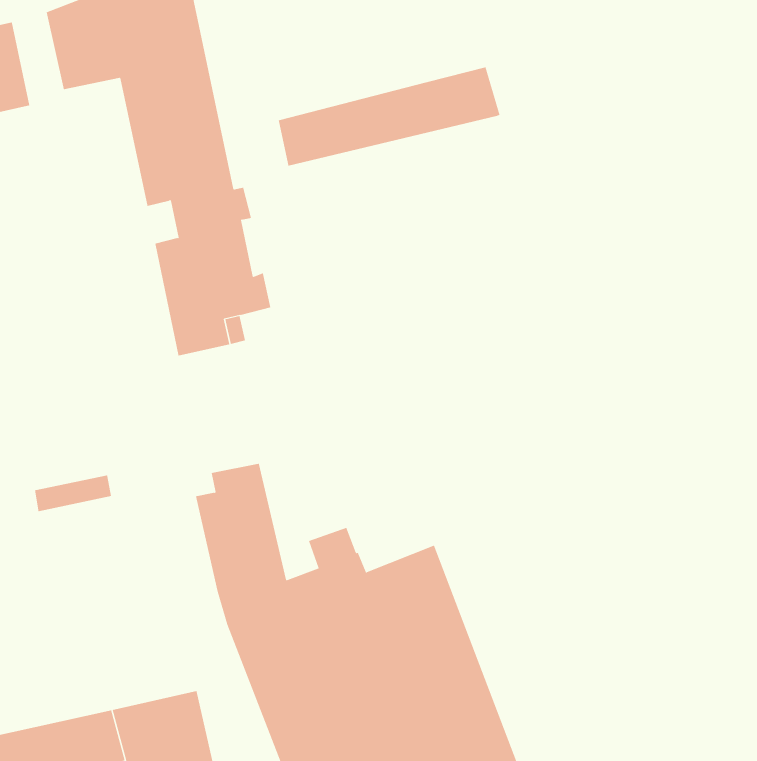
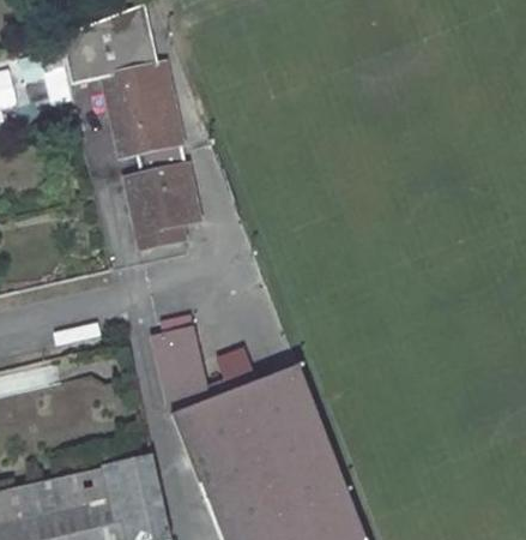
building: [278,67,500,167] -> none

